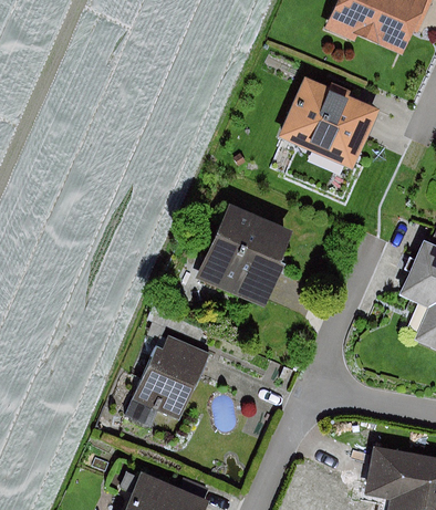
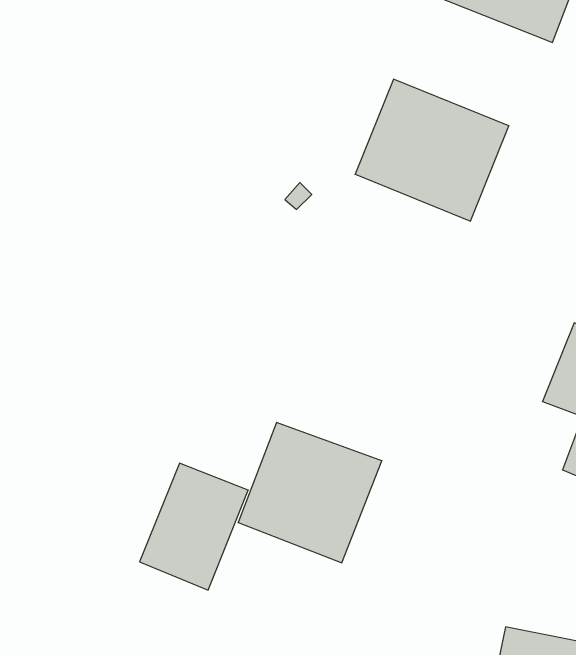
building: [205,207,300,300] -> [238,422,382,563]

